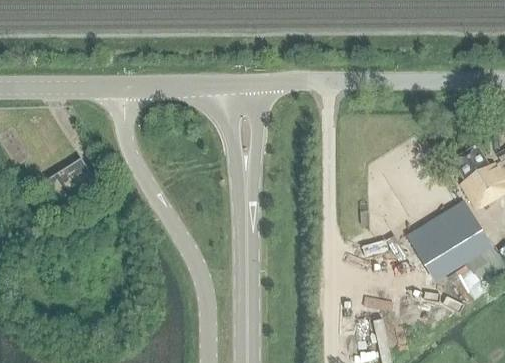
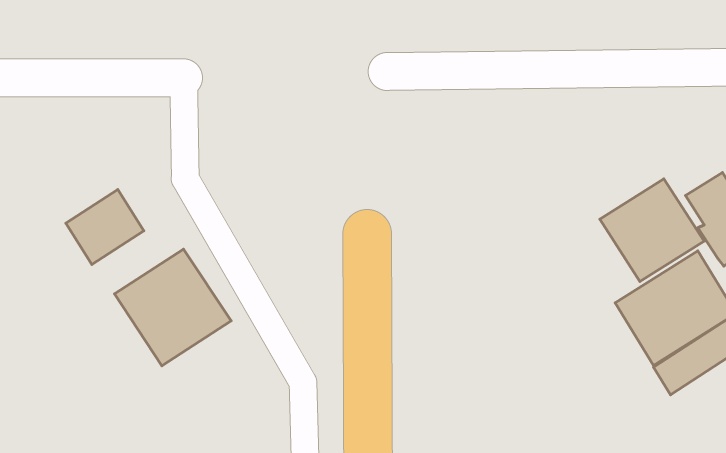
building: none -> [600,179,704,282]
building: none -> [114,249,231,366]

